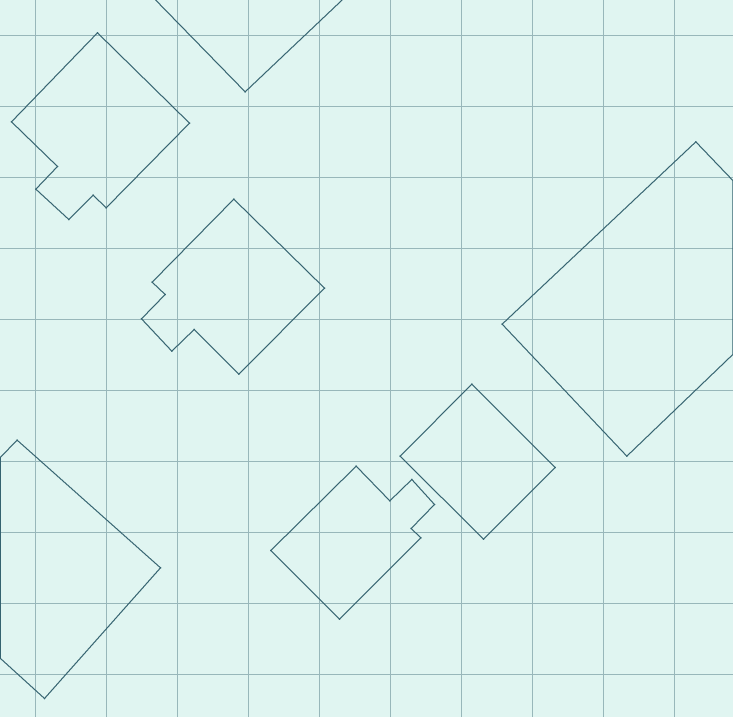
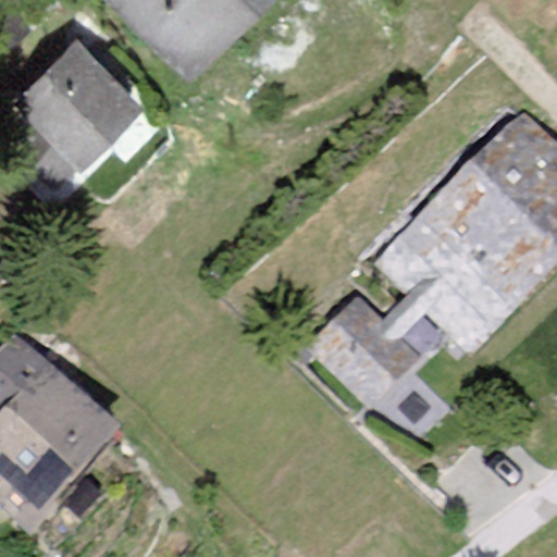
building: [142,199,325,374] -> none
building: [271,466,435,619] -> none

